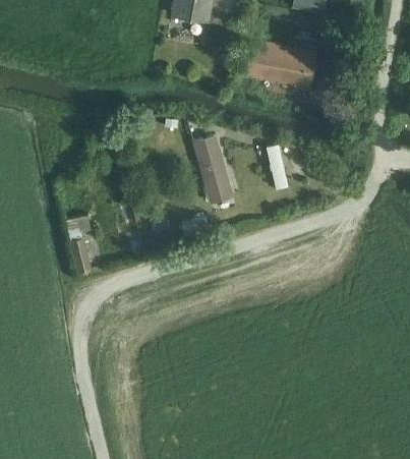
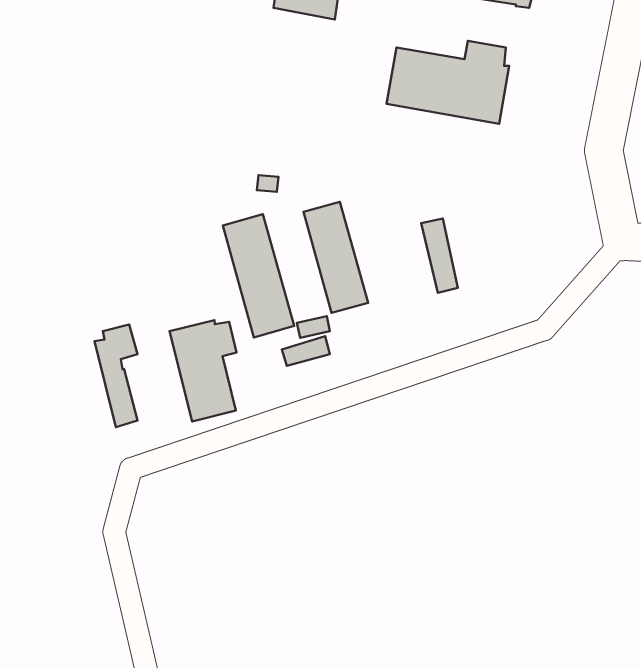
building: none -> [223,214,294,337]
building: none -> [170,320,237,421]

